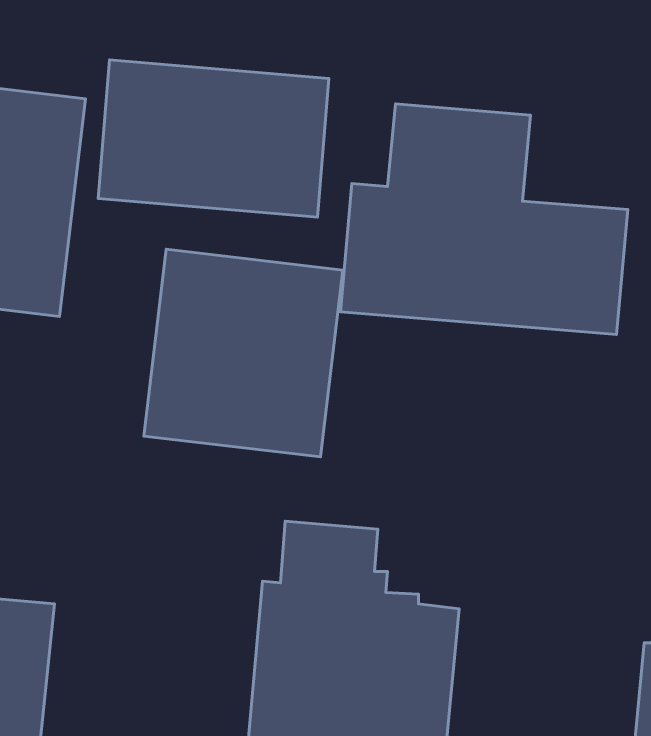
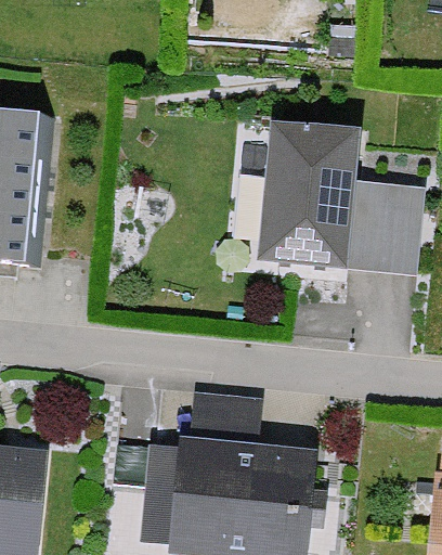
building: [98,60,329,217] -> none
building: [144,249,343,457] -> none

